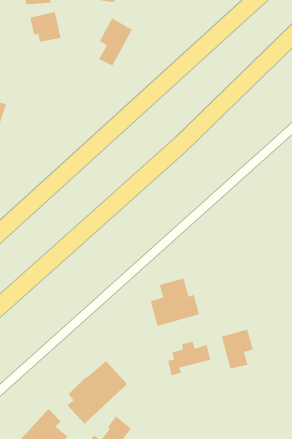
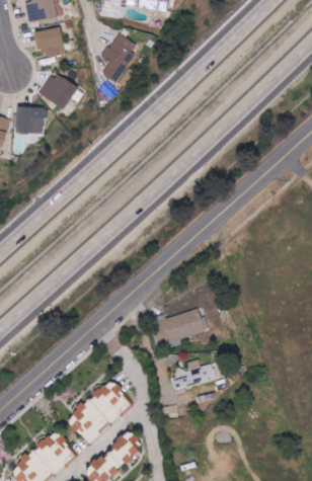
building: none -> [38,72,78,110]
building: none -> [16,106,46,134]
building: [221,328,254,370] -> none

